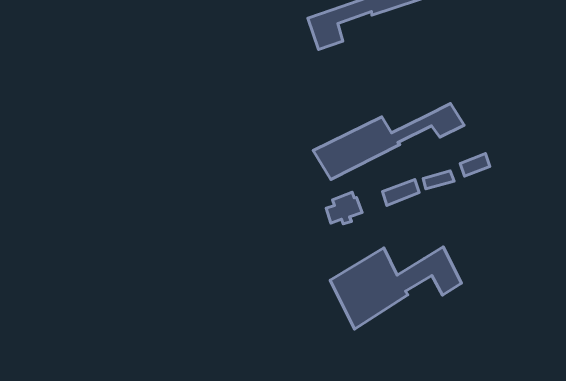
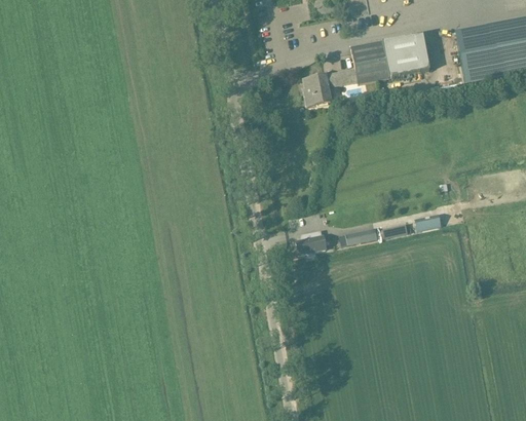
building: [313,104,464,179] -> none
building: [330,247,462,329] -> none

